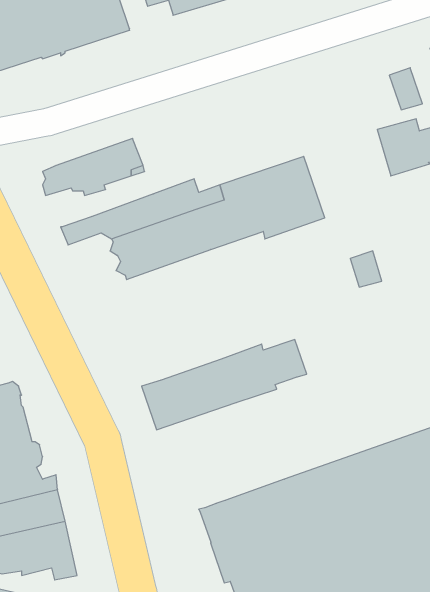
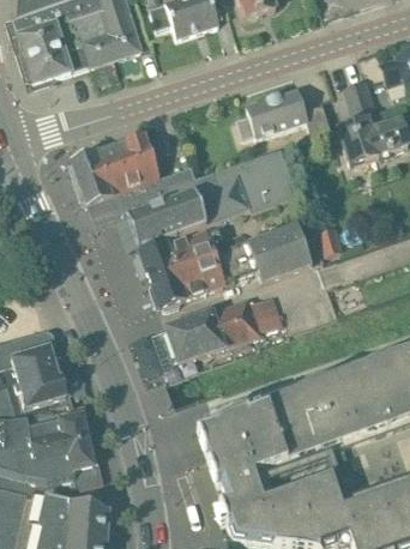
building: none -> [237,86,332,135]
building: none -> [74,171,111,203]
building: none -> [138,222,310,306]

